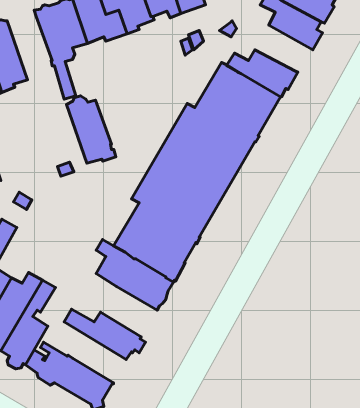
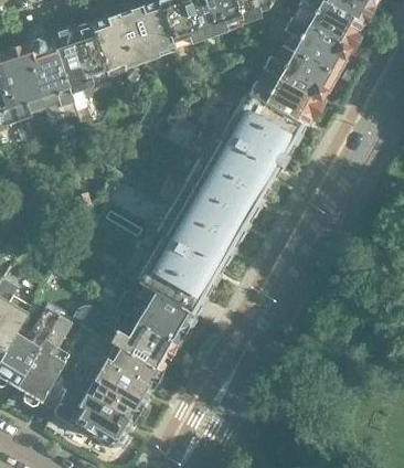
building: none -> [263,46,338,99]
building: [67,96,116,163] -> [23,39,74,108]
building: none -> [75,306,178,373]
building: none -> [74,358,146,423]

